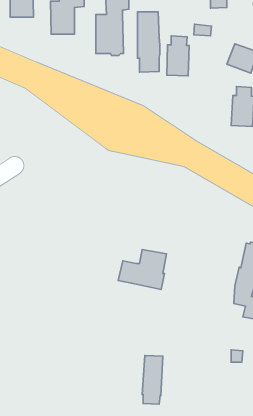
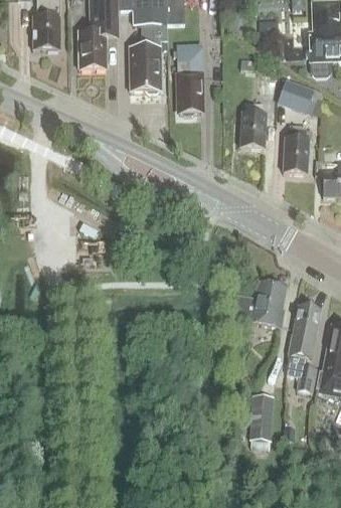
building: [167,36,189,76] -> [240,102,266,147]
building: [118,249,166,289] -> [231,281,286,326]
building: [142,355,163,404] -> [249,393,273,449]

